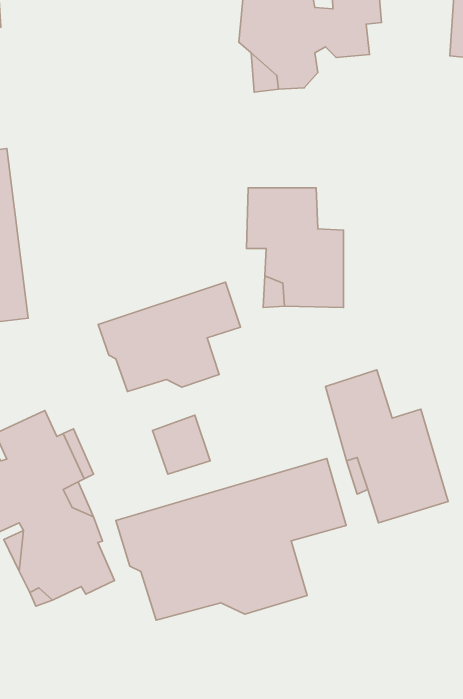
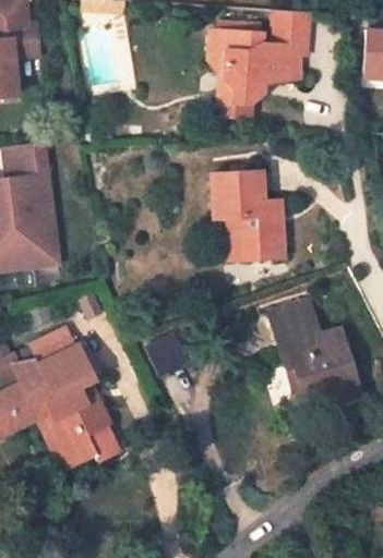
building: [98,282,240,392] -> none
building: [116,458,346,620] -> none

